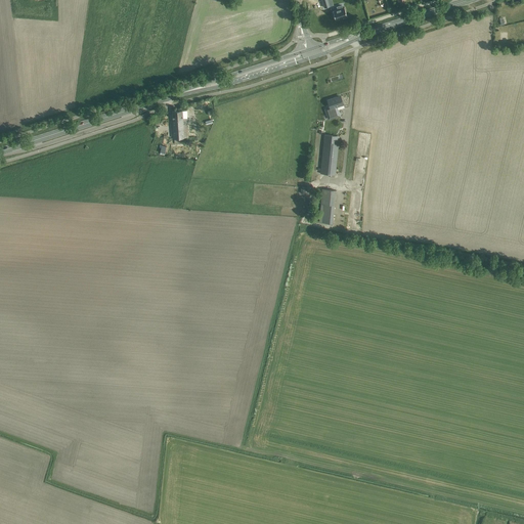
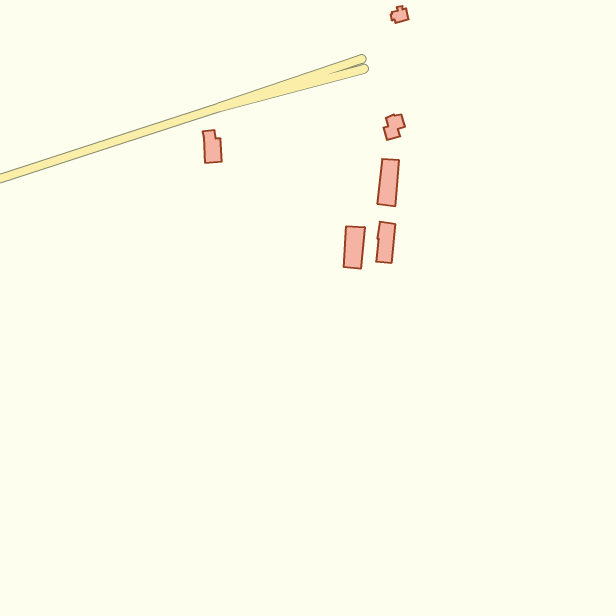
building: none -> [344,226,365,269]

